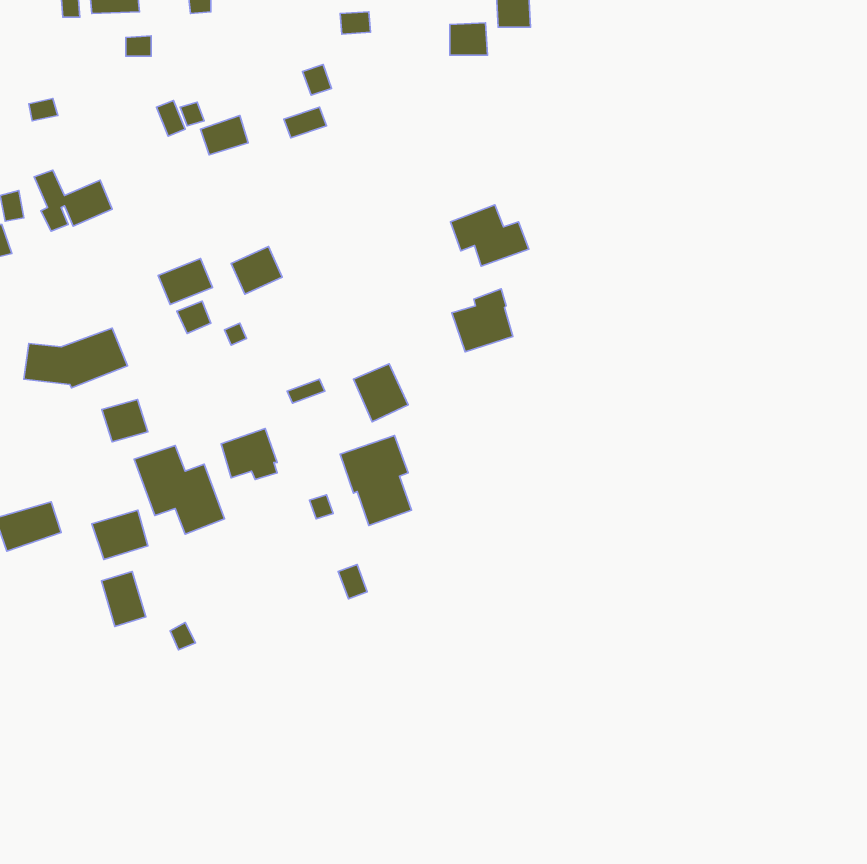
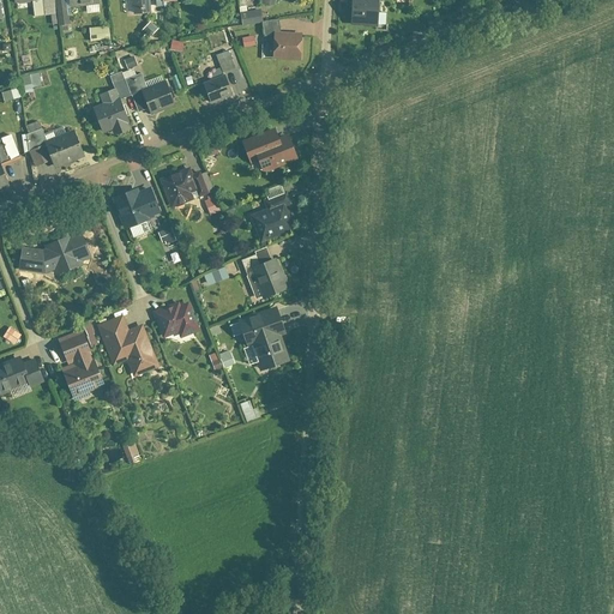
building: [450,23,487,55] -> [273,35,300,58]
building: none -> [94,89,130,130]
building: [451,205,529,266] -> [242,128,297,171]
building: [452,289,513,352] -> [249,194,293,239]
building: [102,399,148,442] -> [59,331,91,361]
building: [101,571,146,626] -> none

